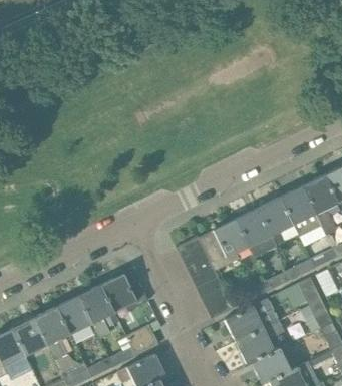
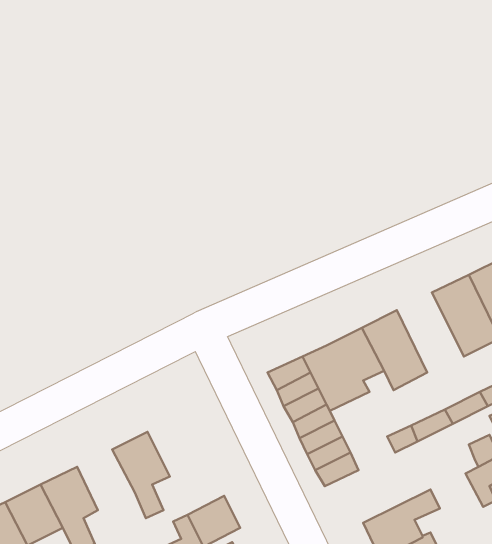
building: [258,197,294,247] -> none
building: [101,267,148,312] -> none
building: [57,295,93,333] -> none
building: [226,298,279,341] -> none

